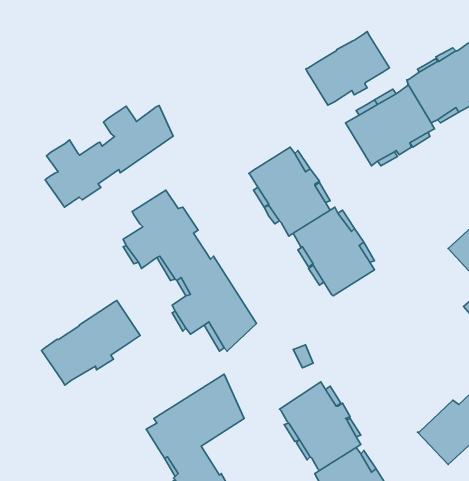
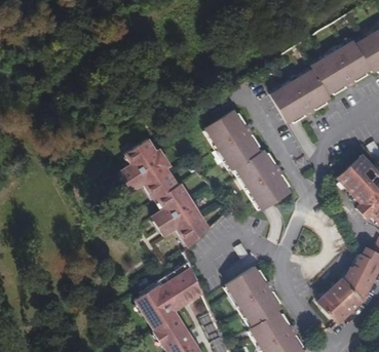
building: [306,32,389,105] -> none
building: [45,106,173,207] -> none
building: [42,301,140,385] -> none

